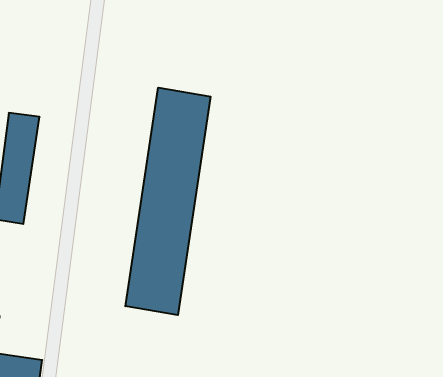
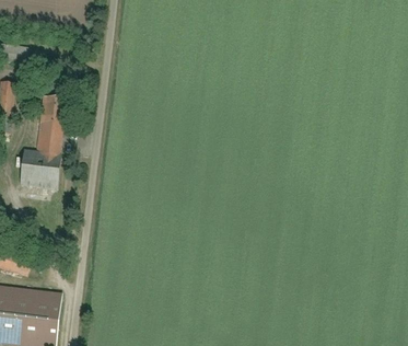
building: [125,88,211,315] -> none

